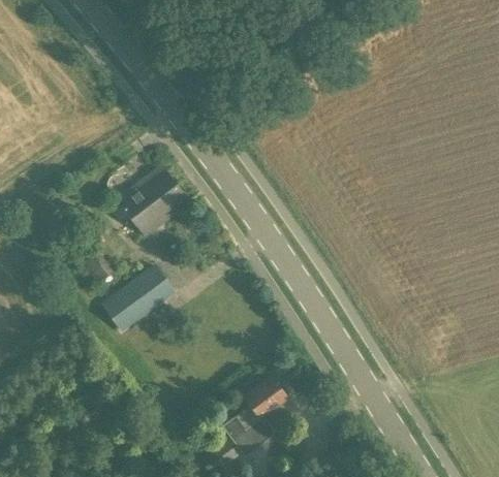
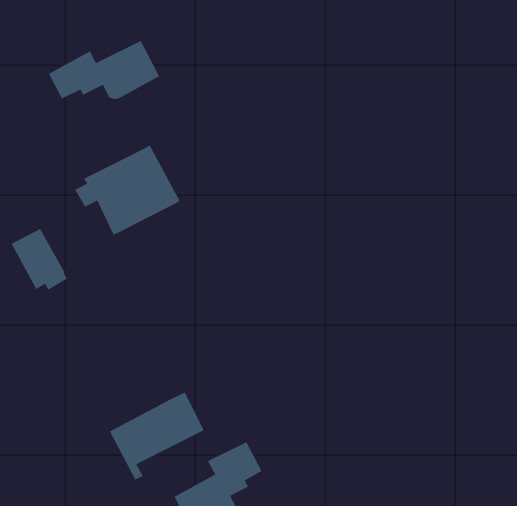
building: none -> [48,40,160,100]
building: [103,265,176,339] -> [109,392,205,481]

